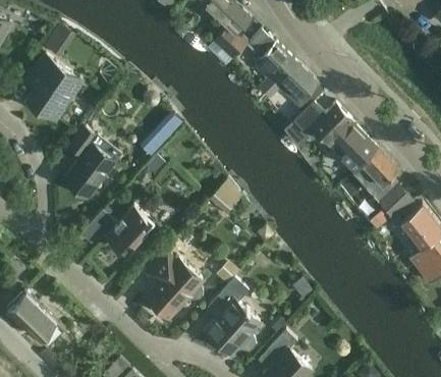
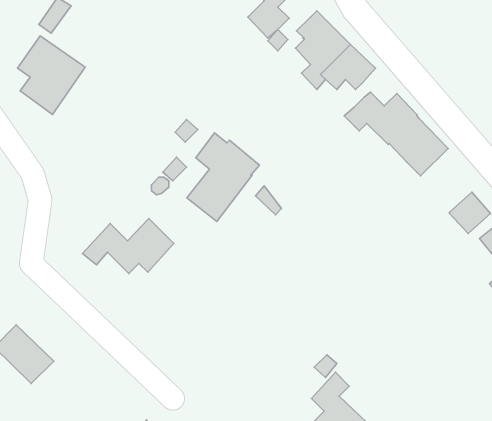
building: [62,127,121,200] -> [187,133,260,222]
building: [354,148,398,186] -> none
building: [145,253,202,318] -> none
building: [205,277,259,355] -> none

